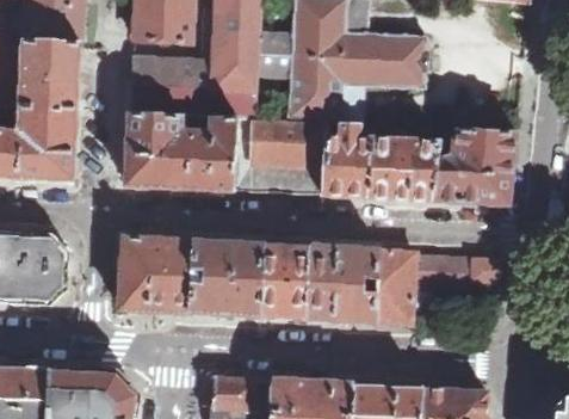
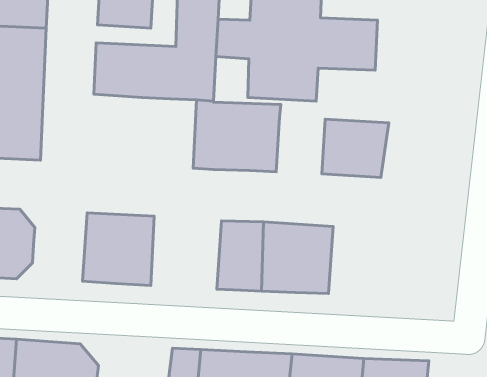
building: [123,112,236,190] -> none
building: [320,124,371,196] -> none
building: [429,130,513,203] -> none
building: [188,240,262,316] -> none
building: [375,251,500,322] -> none

